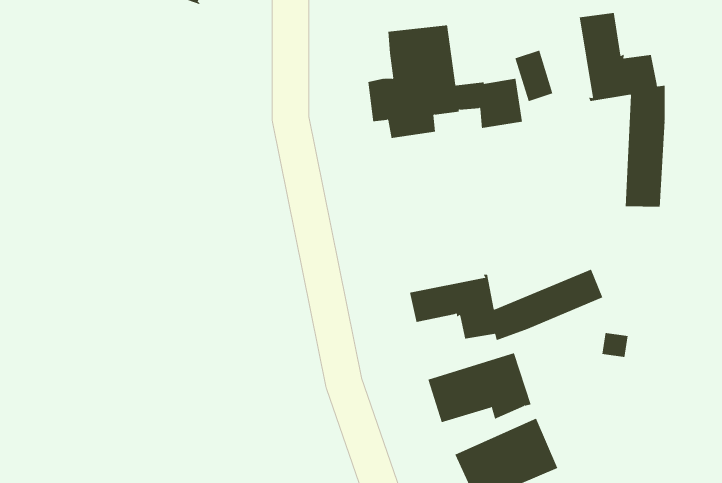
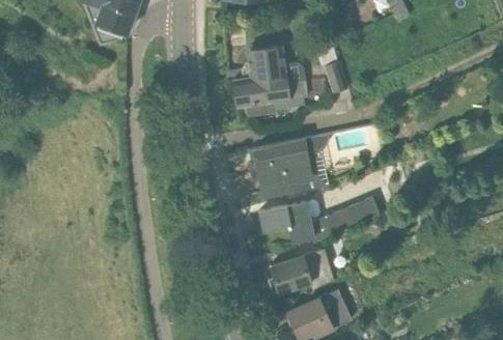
building: [579,12,665,208] -> none
building: none -> [245,139,315,194]

